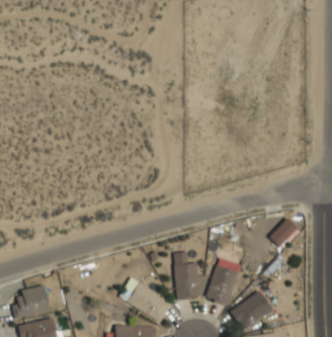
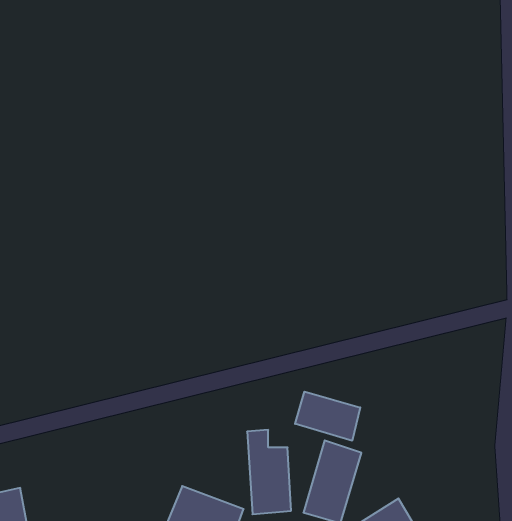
building: [269,217,302,250] -> none
building: none -> [295,392,360,441]

